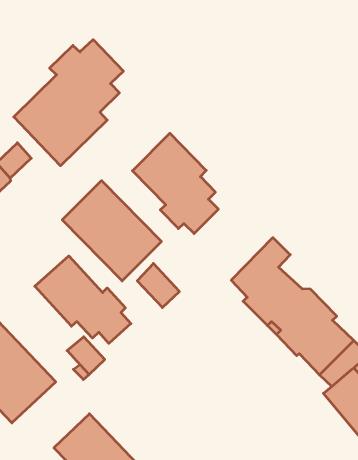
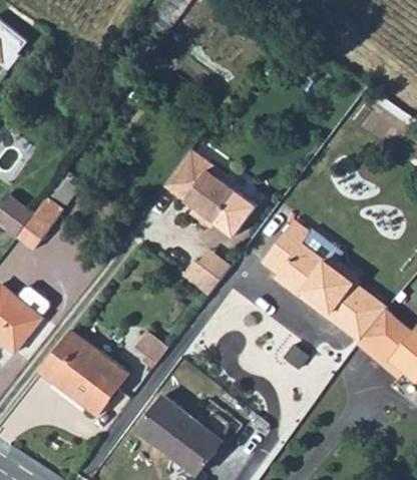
building: [14,40,123,166] -> none
building: [62,181,161,281] -> none
building: [35,256,131,343] -> none

